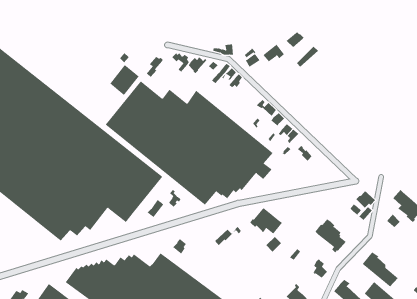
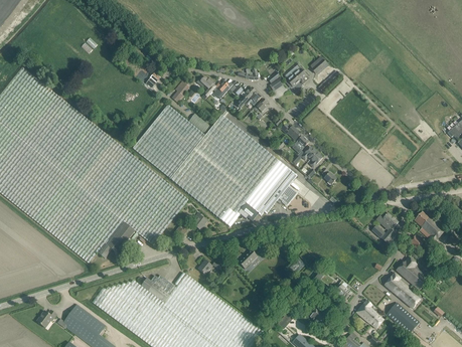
building: [109,64,140,96] -> none
building: [250,207,283,235] -> none
building: [315,218,346,253] -> [397,257,428,292]

